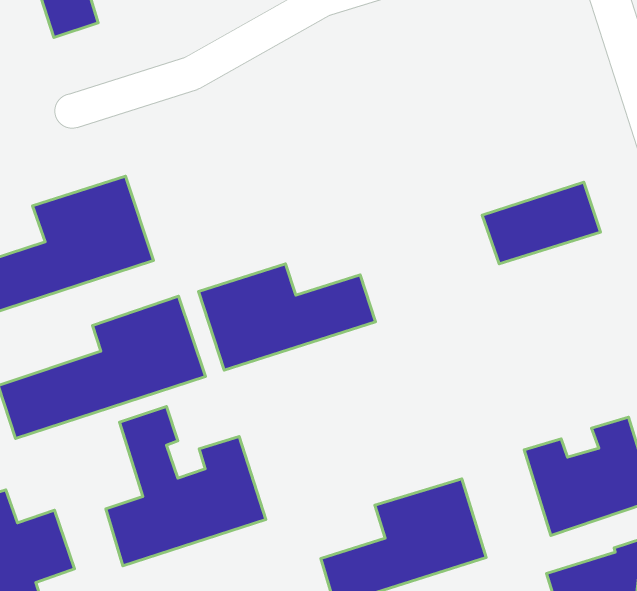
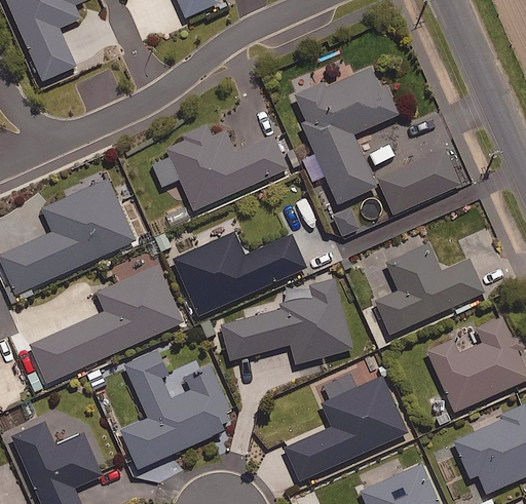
building: none -> [295,68,399,204]
building: none -> [166,125,288,209]
building: none -> [374,243,484,334]
building: none -> [220,275,353,364]

